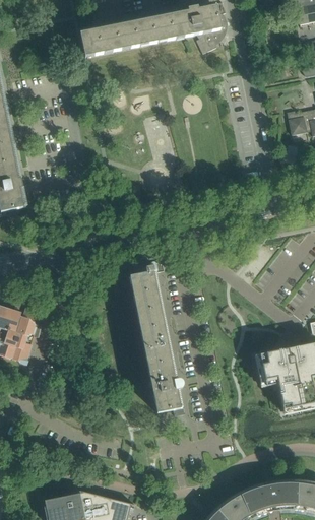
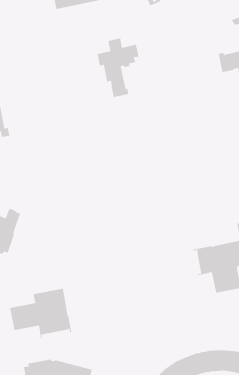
building: none -> [97,38,139,98]
building: [129,263,184,415] -> none
building: none -> [9,284,72,339]

